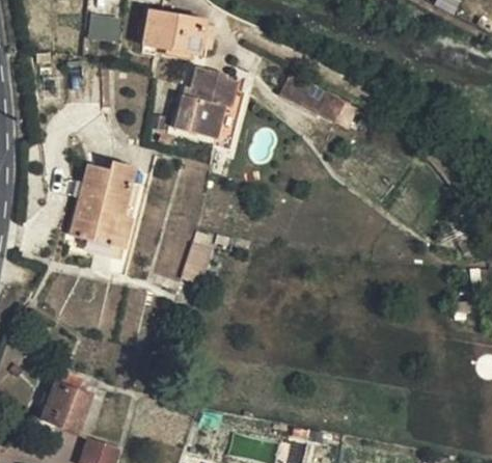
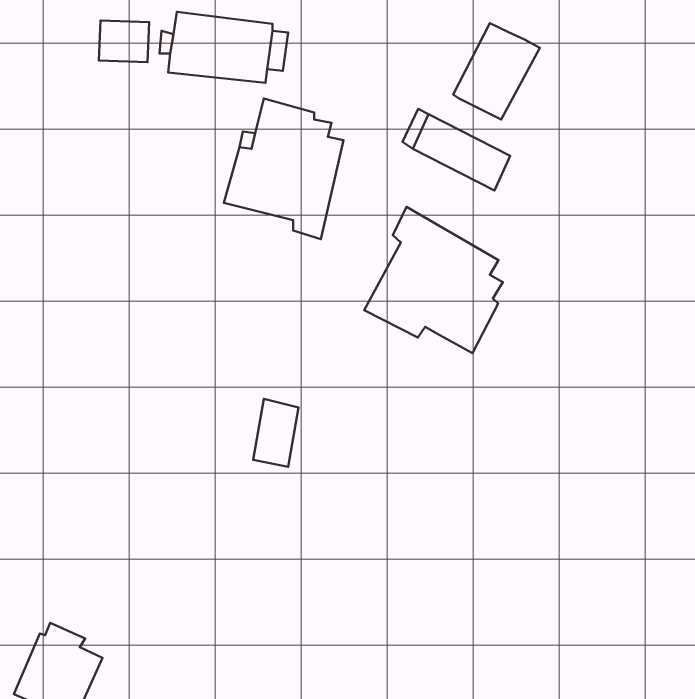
building: none -> [453,23,540,120]
building: none -> [364,207,503,353]
building: [78,156,158,251] -> none

